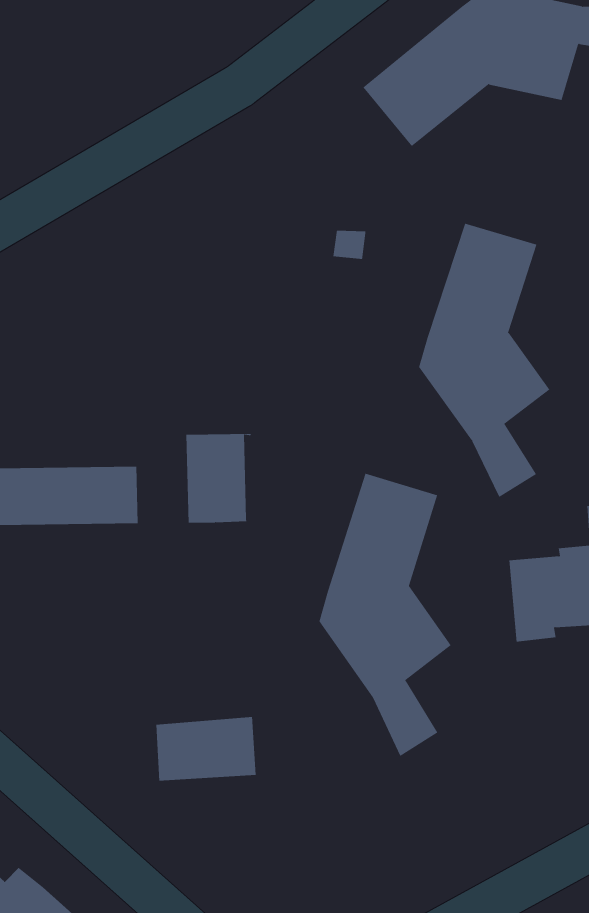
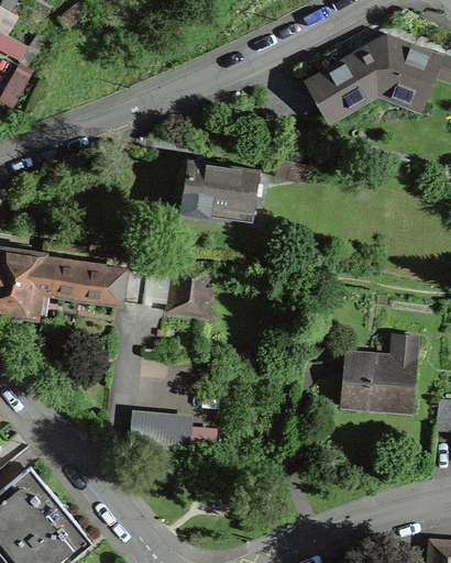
building: [418,223,550,498] -> none
building: none -> [182,159,260,216]
building: [319,473,451,757] -> none

